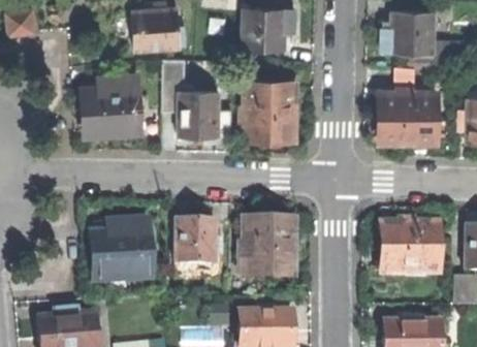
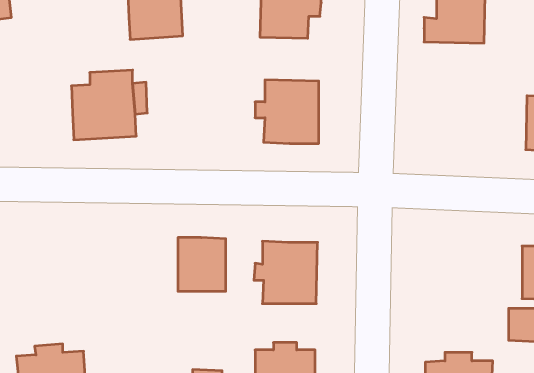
building: [162,60,232,138] -> none
building: [383,88,436,141] -> none
building: [382,218,436,271] -> none
building: [95,221,150,278] -> none

